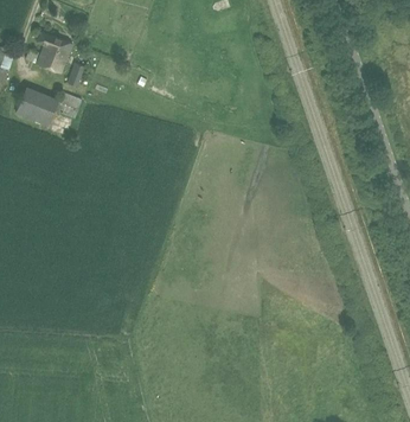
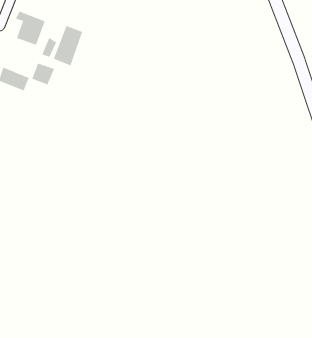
building: none -> [53,25,83,66]

